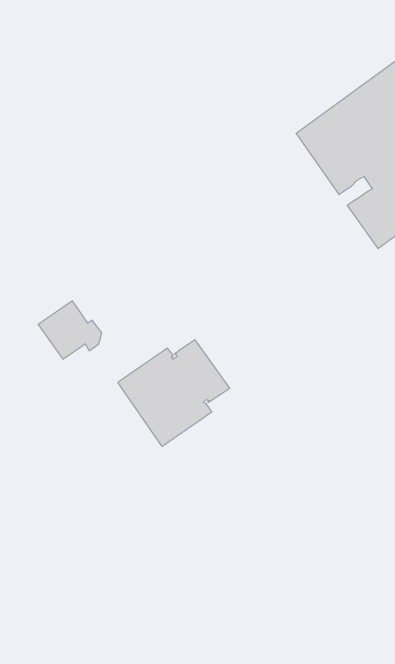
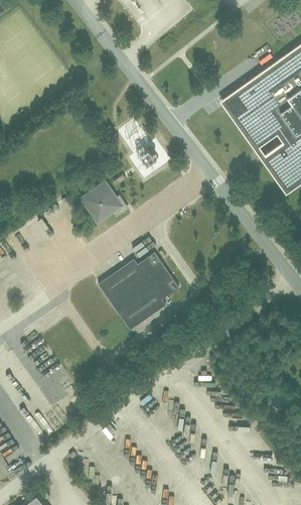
building: [38,301,102,359] -> [80,181,126,224]

